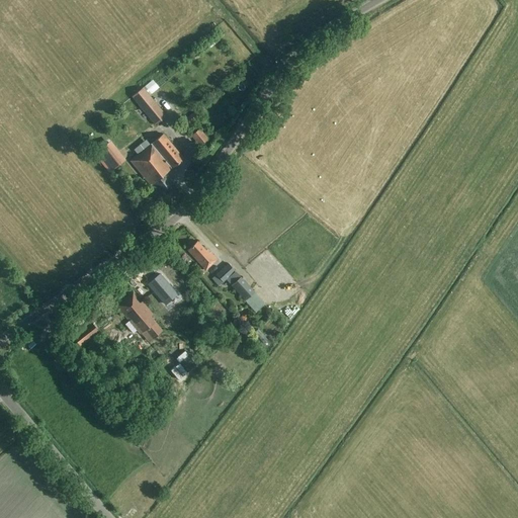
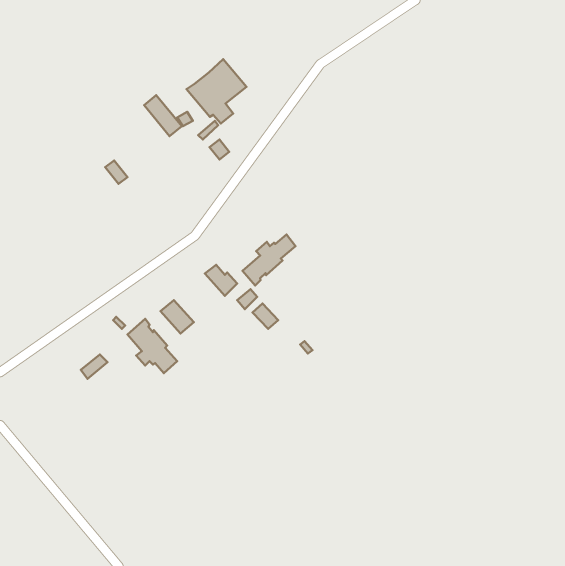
building: [131,133,185,191] -> [187,59,246,124]
building: none -> [243,235,296,286]

